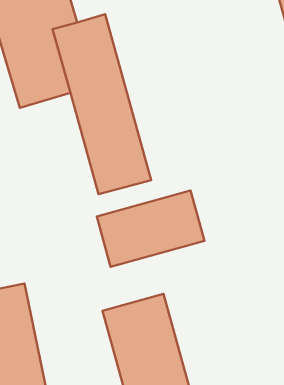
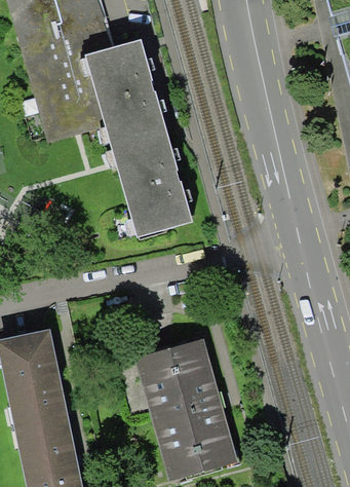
building: [97,191,204,267] -> none

